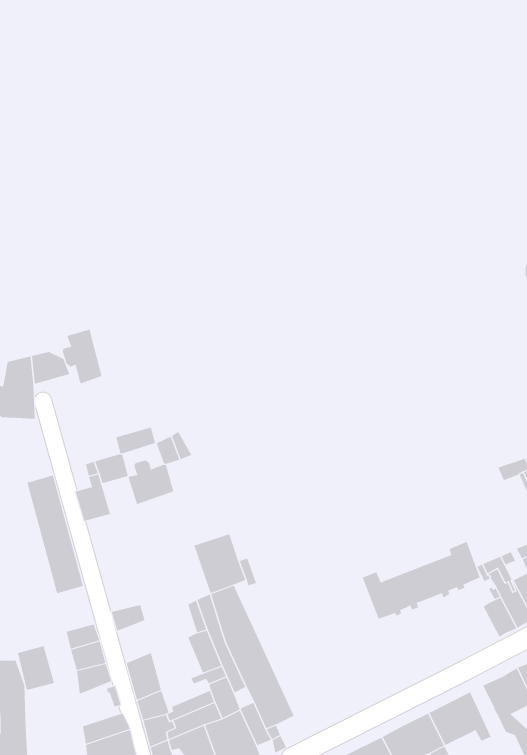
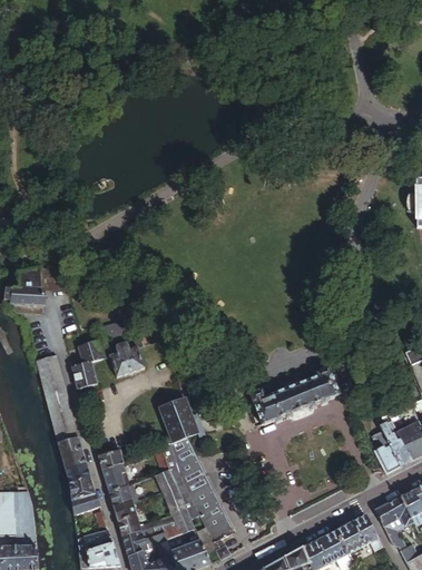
building: [62,329,102,384] -> none
building: [362,541,481,620] -> [248,367,336,425]
building: none -> [102,462,125,493]
building: [17,645,55,691] -> [58,436,86,470]

